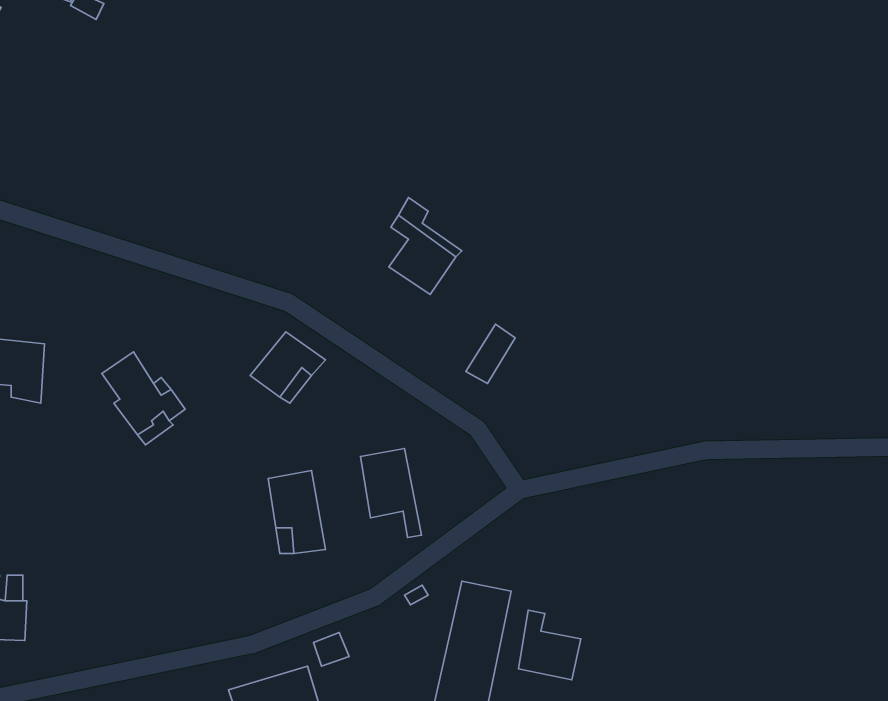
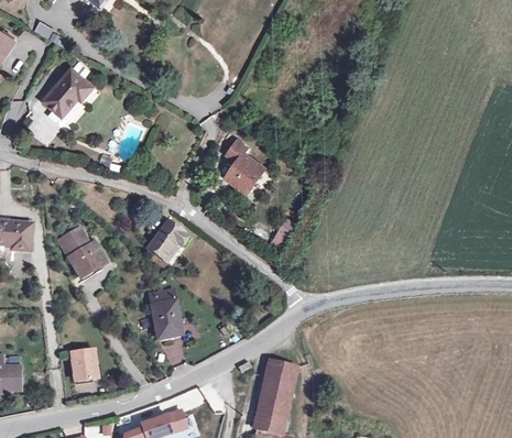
building: none -> [47,73,98,120]
building: [361,449,421,537] -> none
building: none -> [72,358,96,386]
building: [518,610,581,680] -> none

